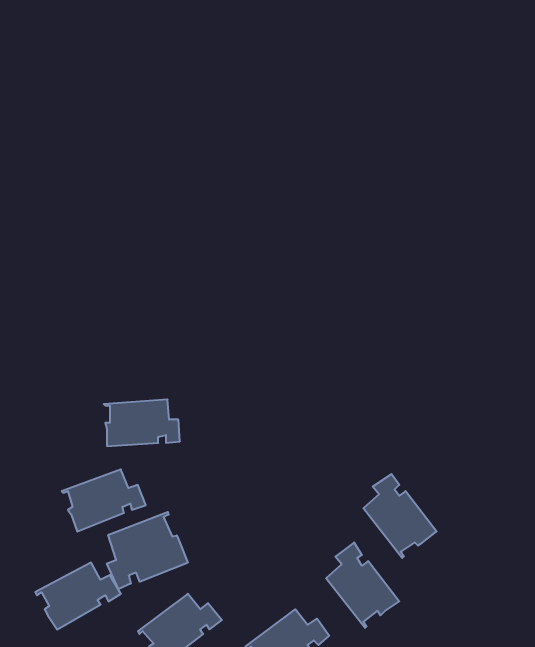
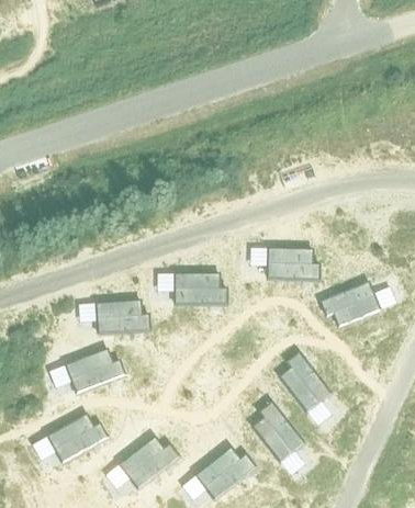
building: none -> [267,248,319,280]
building: none -> [175,274,227,304]
building: none -> [321,282,380,327]
building: [107,512,188,589] -> none

